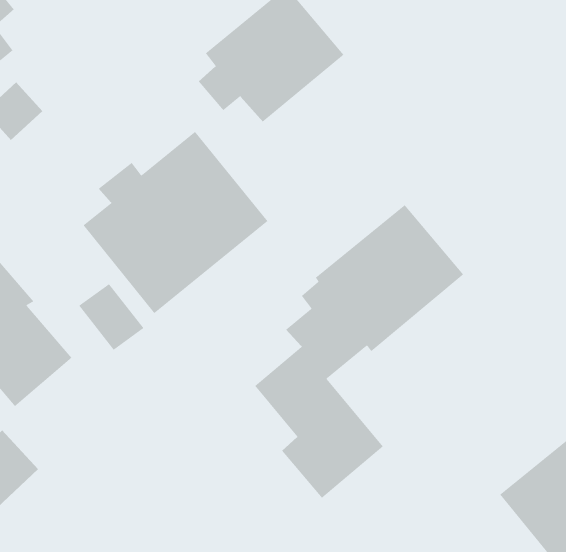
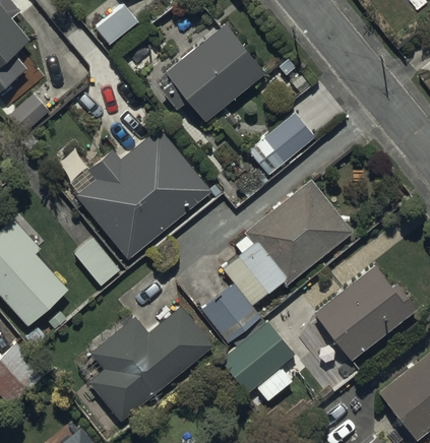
building: none -> [247,113,314,176]
building: none -> [313,265,416,381]
building: none -> [88,307,209,420]

